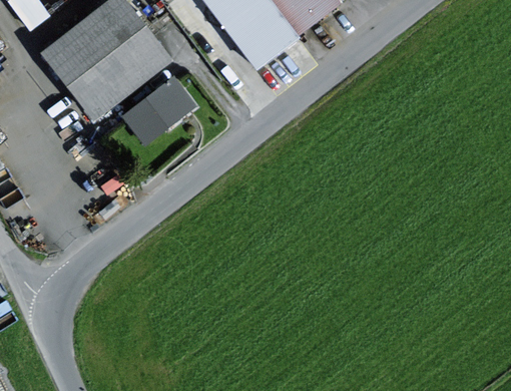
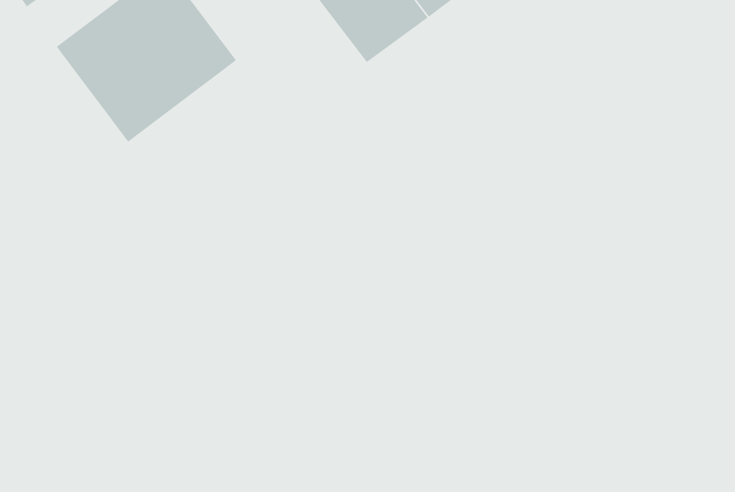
building: [125,79,191,140] -> none

